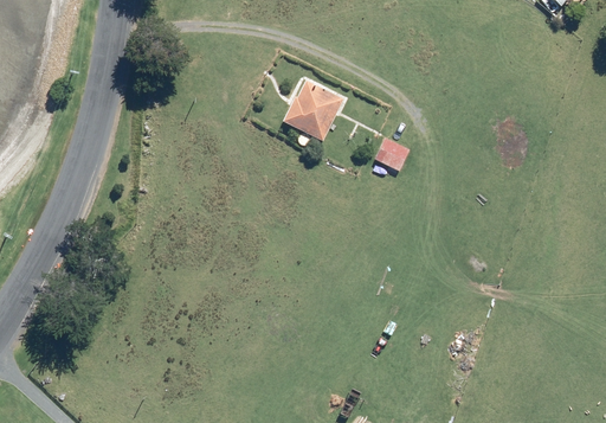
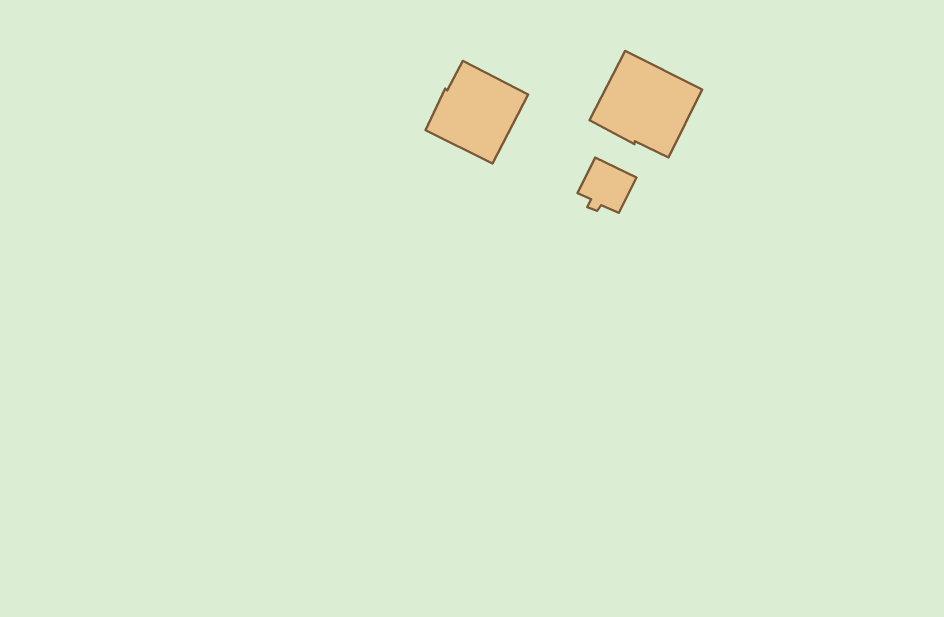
building: none -> [590,51,702,157]

